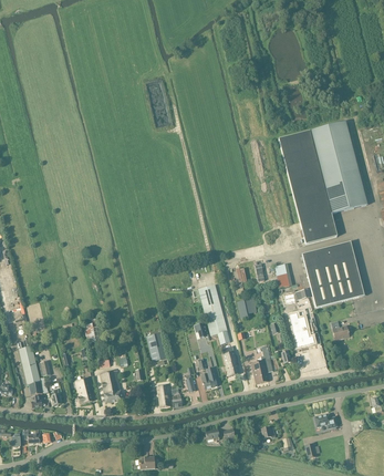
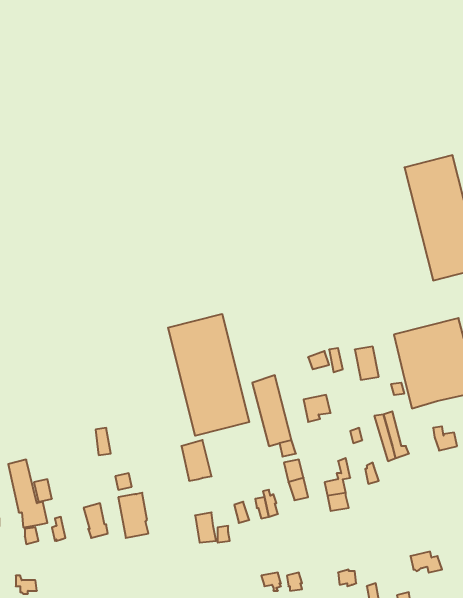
building: [279,131,336,244] -> none
building: none -> [168,314,249,436]

